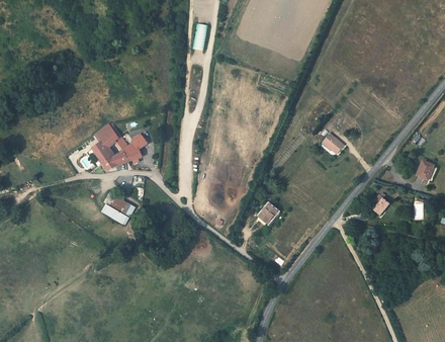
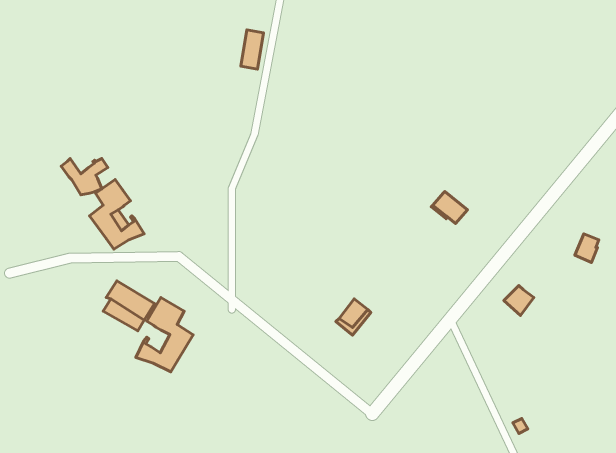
building: [114,136,146,160] -> [61,159,108,195]
building: none -> [136,298,193,372]

